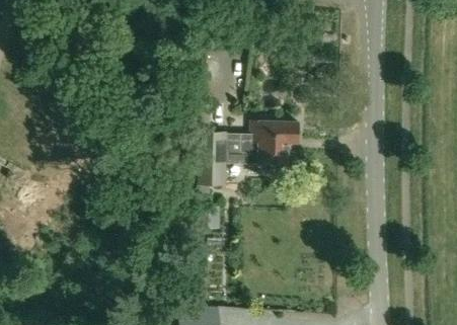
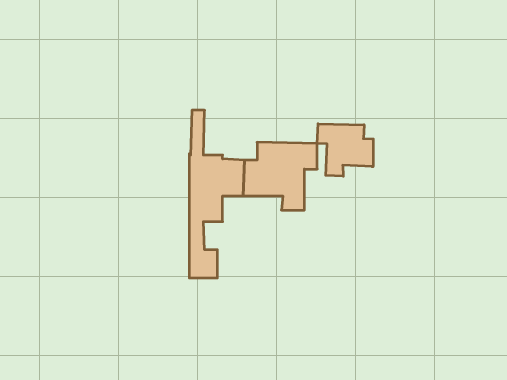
building: none -> [317,124,373,176]

